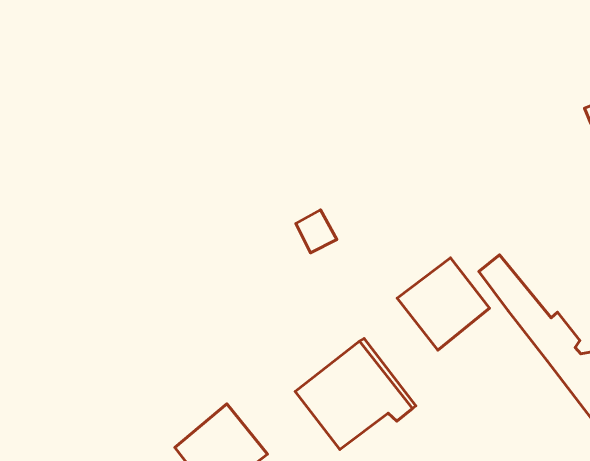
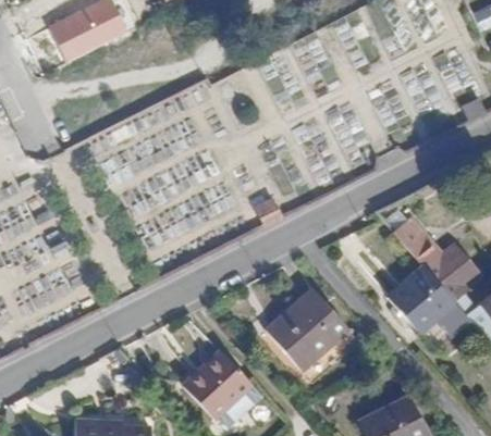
building: [397,258,490,350] -> [382,263,450,331]

